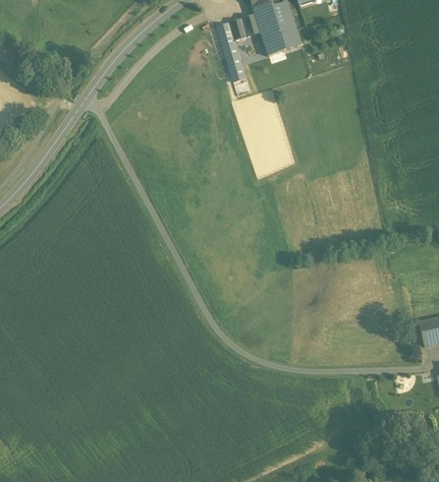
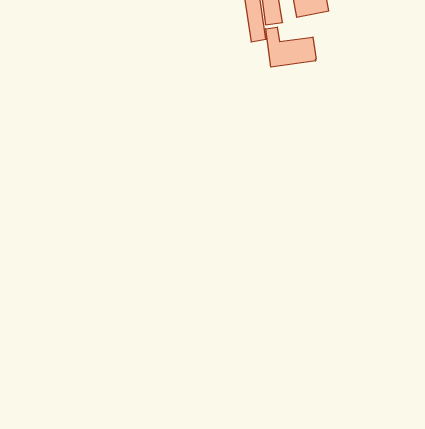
building: none -> [266,27,316,67]

